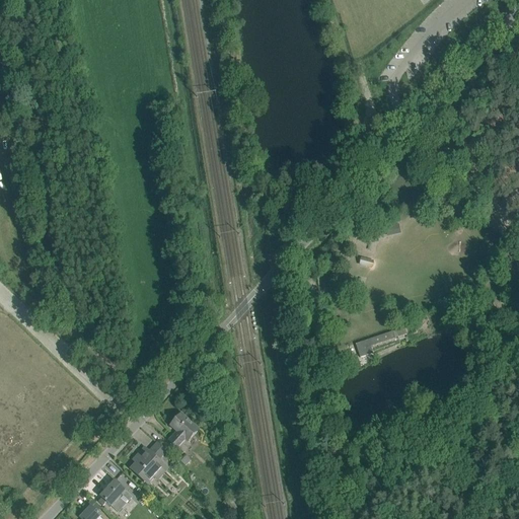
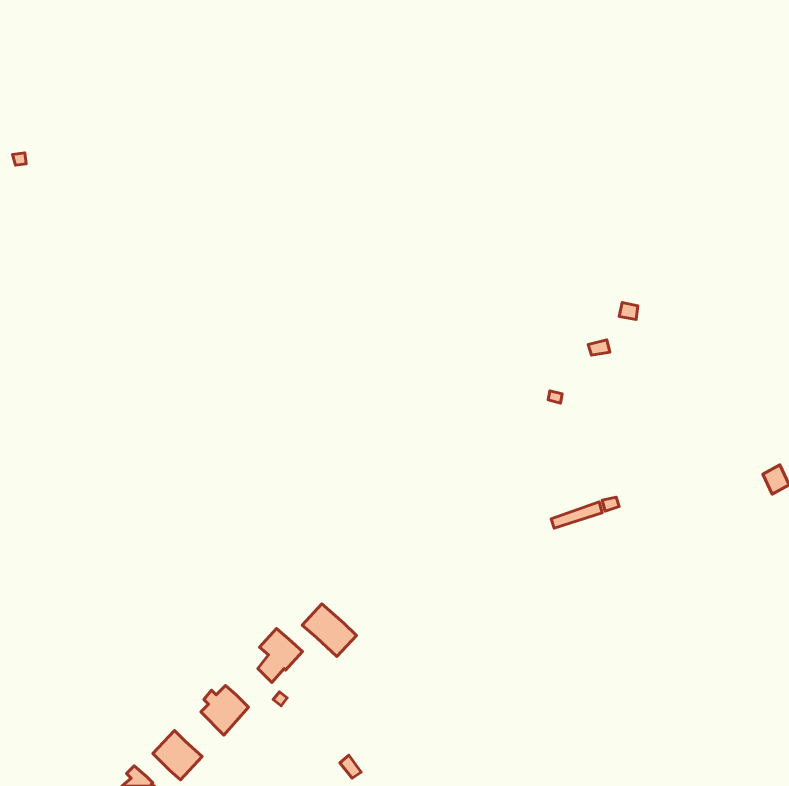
building: none -> [302,604,356,657]

